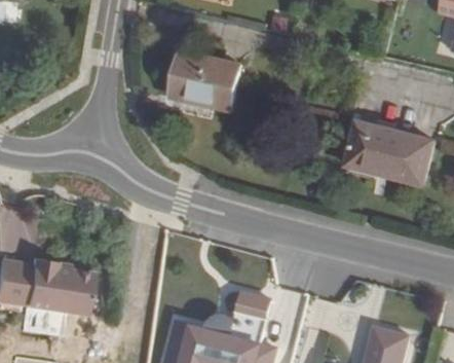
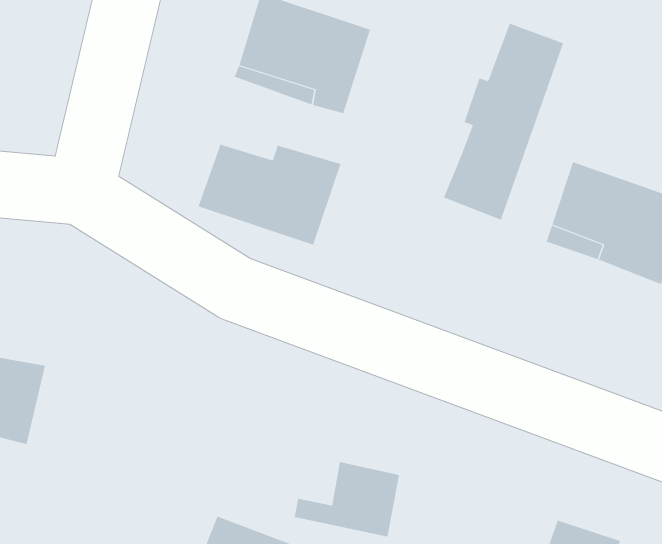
building: none -> [443,23,564,220]
building: none -> [198,144,341,246]

